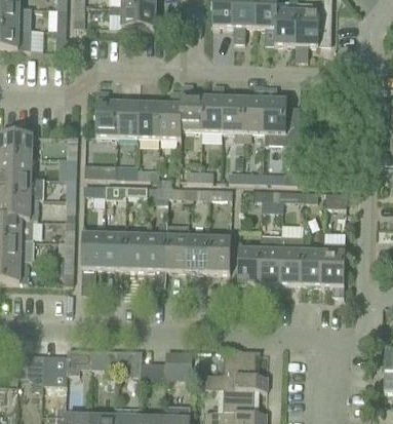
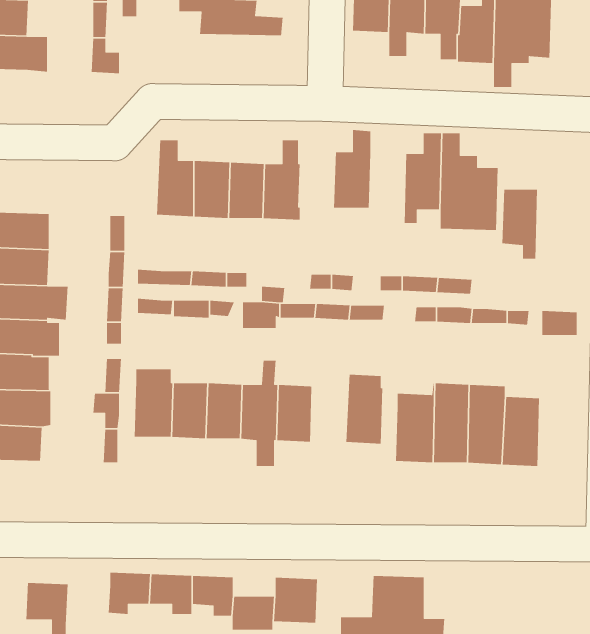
building: [180,83,201,131] -> none
building: [222,99,243,141] -> [502,189,538,259]
building: [187,230,209,271] -> none
building: [322,244,345,295] -> none
building: [41,355,67,380] -> none

